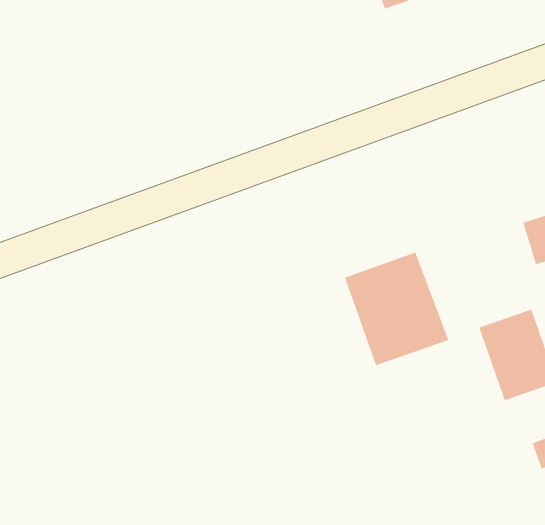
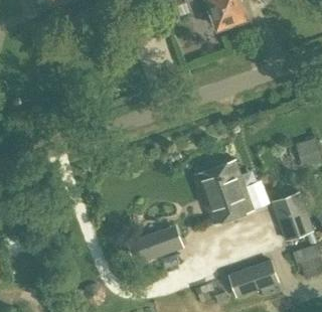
building: none -> [126,228,182,265]
building: none -> [226,260,278,297]

